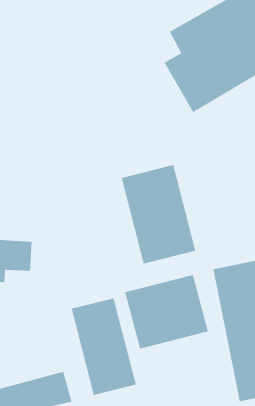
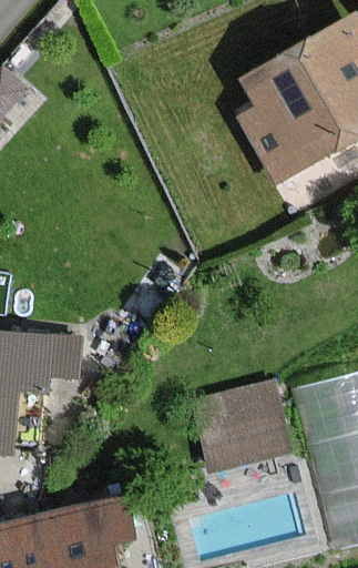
building: [121,164,196,264] -> none
building: [71,297,137,396] -> none

